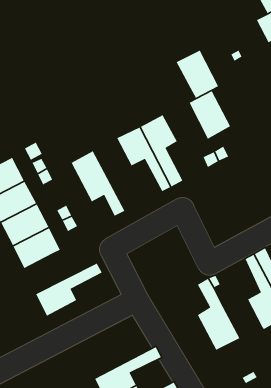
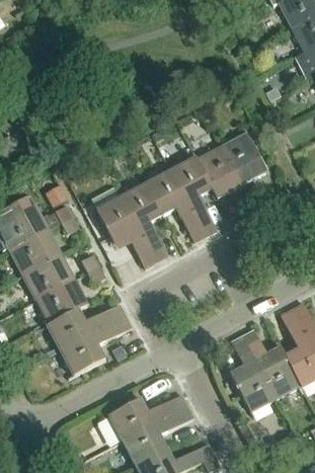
building: [175,49,219,99] -> [195,145,242,198]
building: none -> [121,182,167,260]
building: none -> [46,303,125,348]
building: none -> [256,344,300,396]
building: none -> [107,392,187,439]

